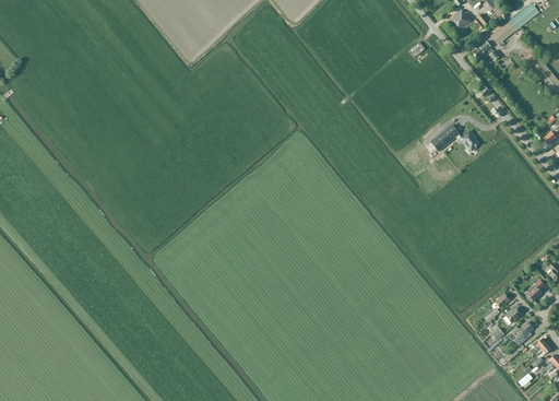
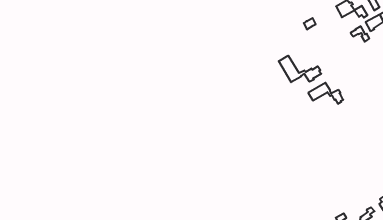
building: none -> [279,56,321,82]

